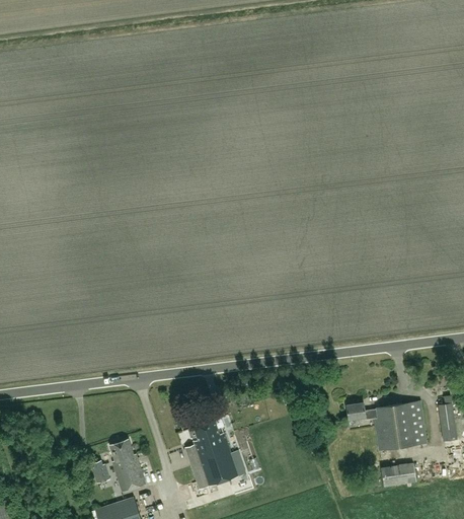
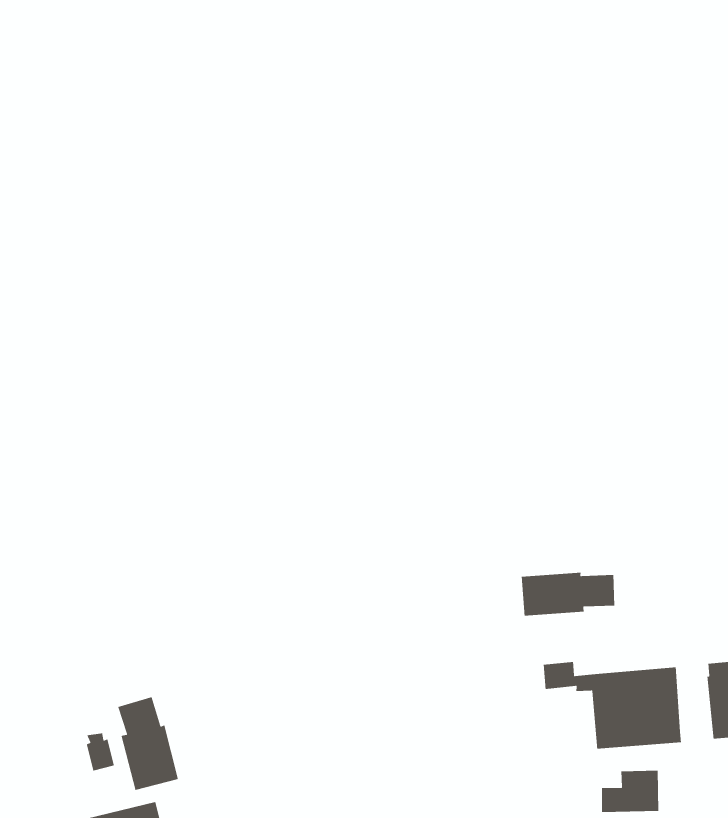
building: none -> [521,572,615,616]
building: [184,420,245,490] -> none

